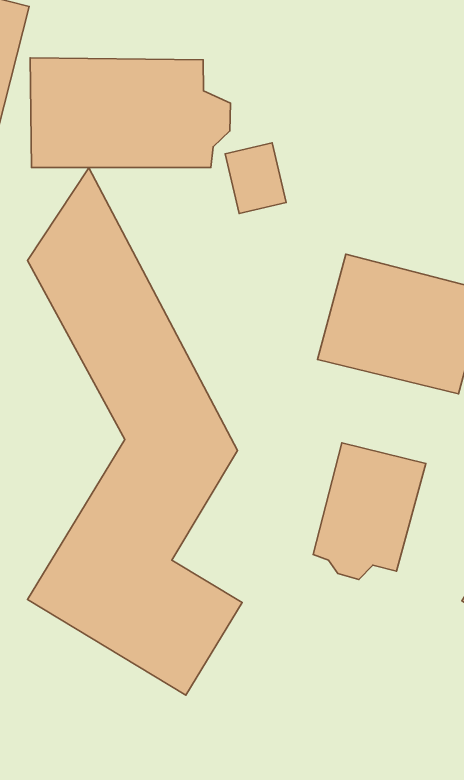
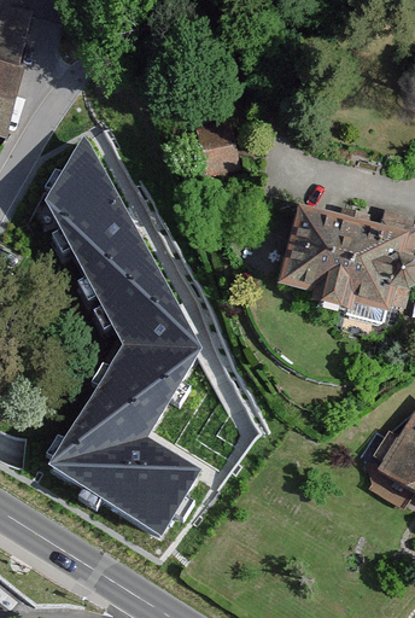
building: [30,58,230,167] -> none
building: [313,443,426,579] -> none

